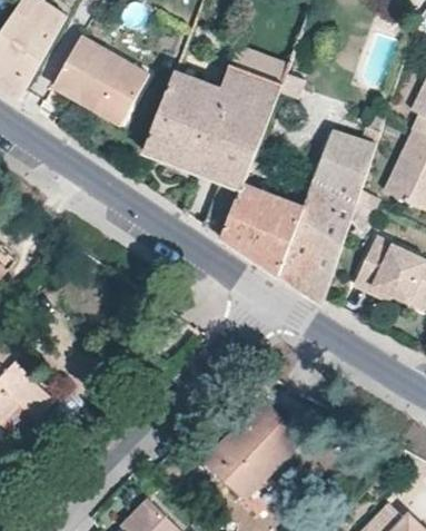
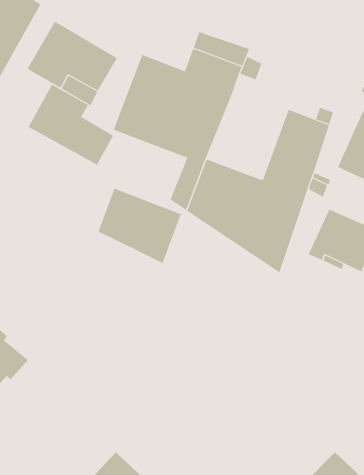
building: none -> [28,84,114,165]
building: none -> [98,188,182,264]
building: [205,403,300,496] -> none

